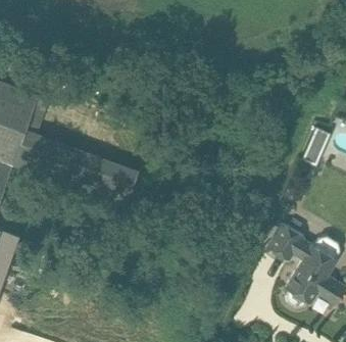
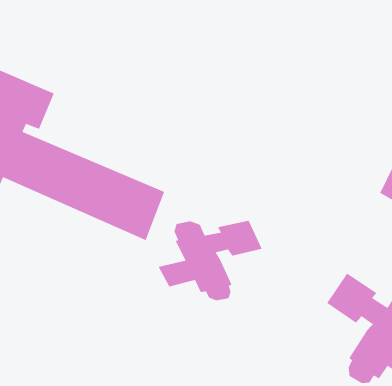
building: none -> [158,220,263,301]

